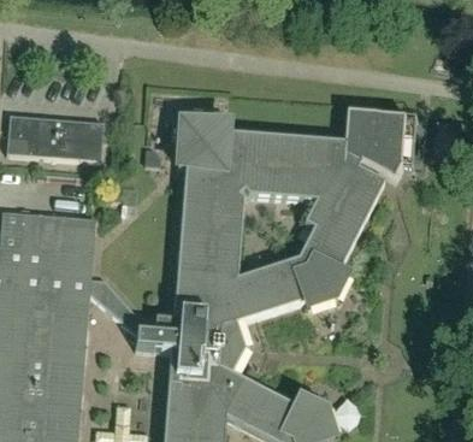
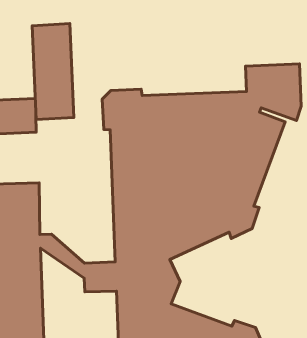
building: none -> [32,24,74,120]

